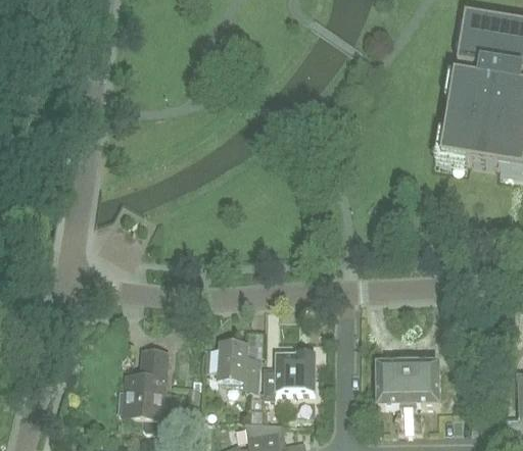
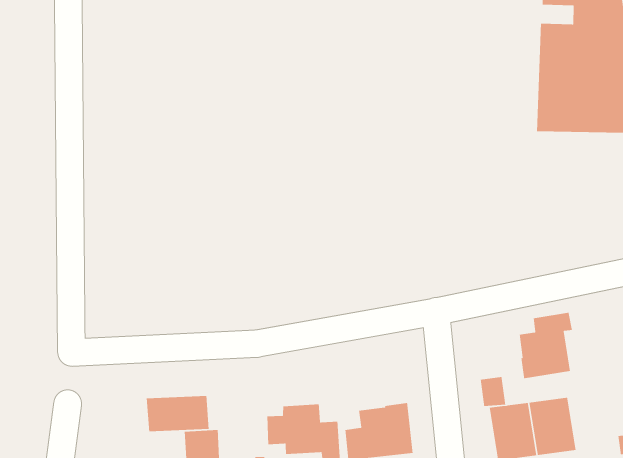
building: none -> [519,312,573,379]
building: none -> [146,395,210,432]

